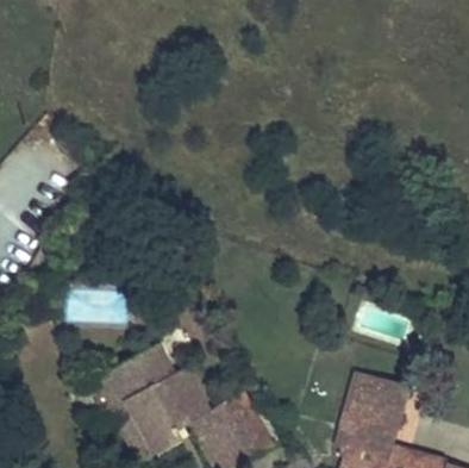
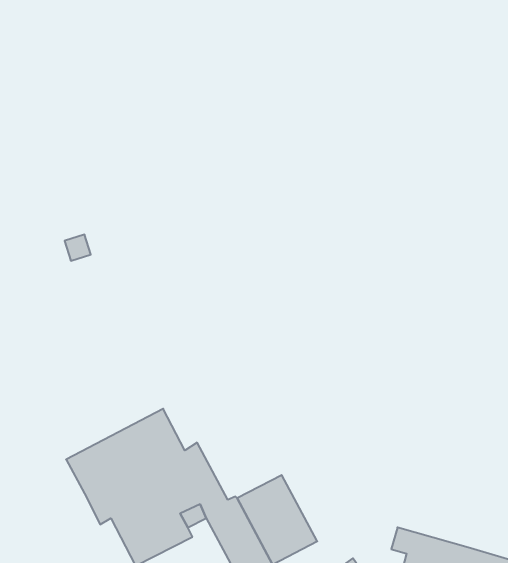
building: [339,372,411,445] -> none

